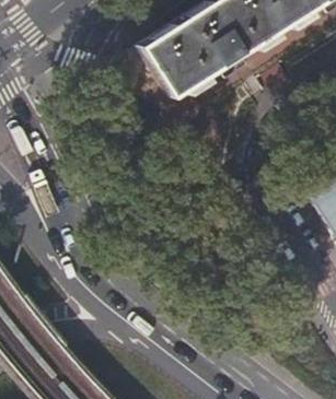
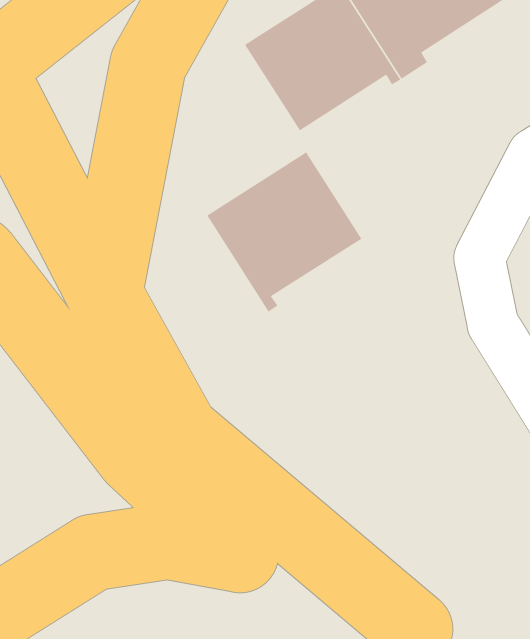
building: none -> [206,151,362,312]

